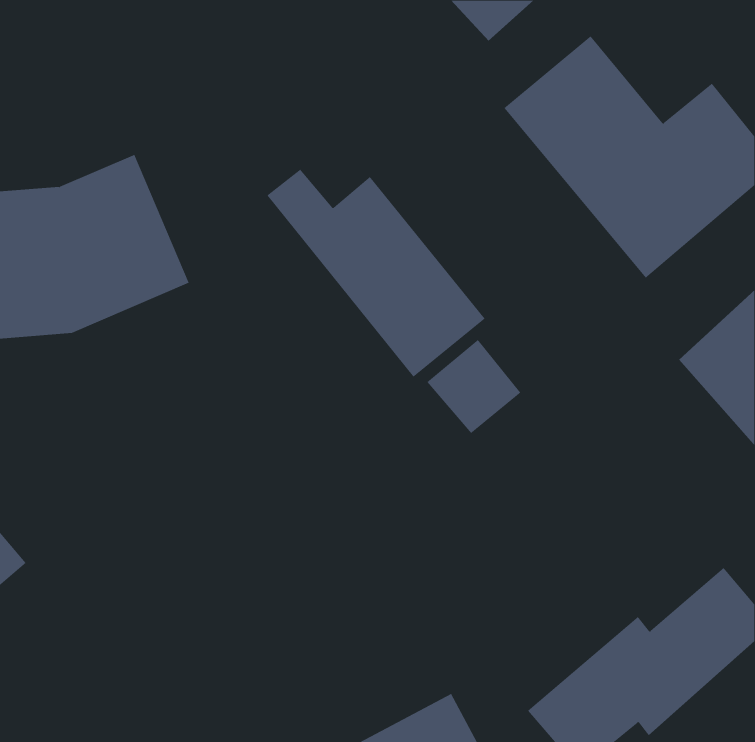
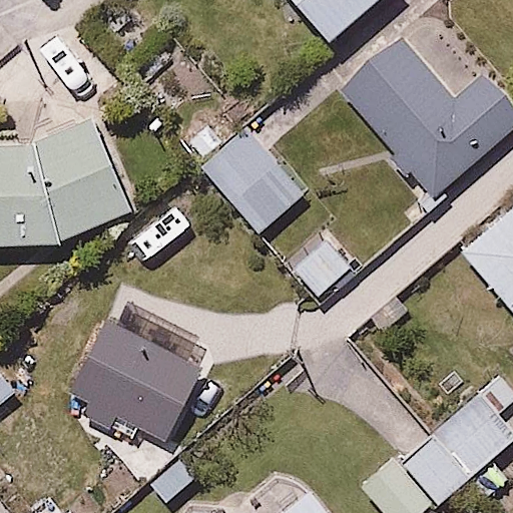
building: none -> [71,321,222,453]

